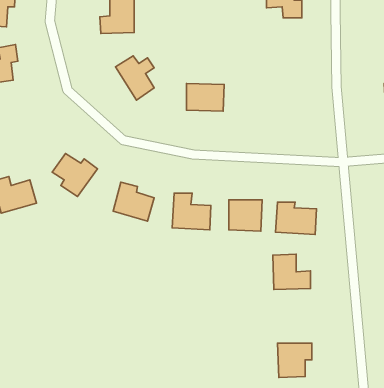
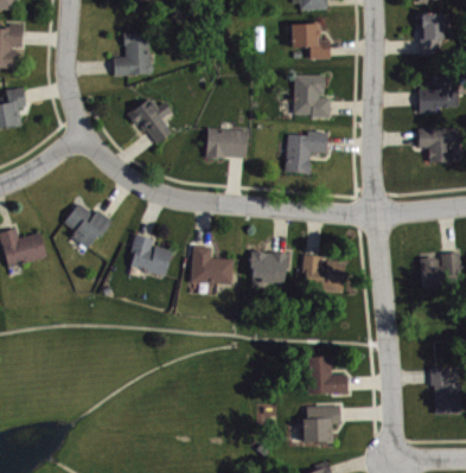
building: none -> [293,73,330,116]
building: none -> [285,130,327,173]
building: [273,254,310,290] -> [307,356,347,394]

